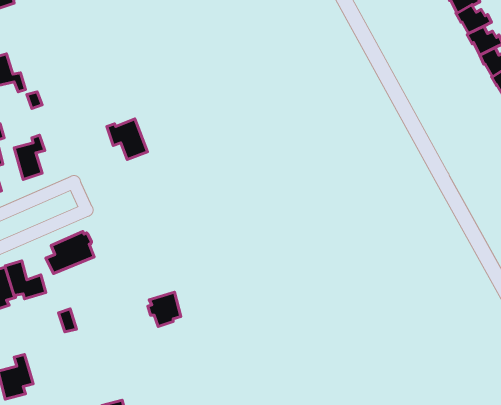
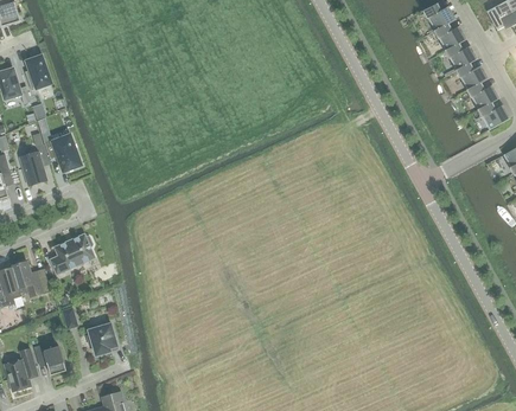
building: none -> [25,56,51,90]
building: [107,119,148,159] -> [44,134,82,172]
building: [148,292,181,327] -> [87,323,117,355]
building: none -> [33,343,66,375]

